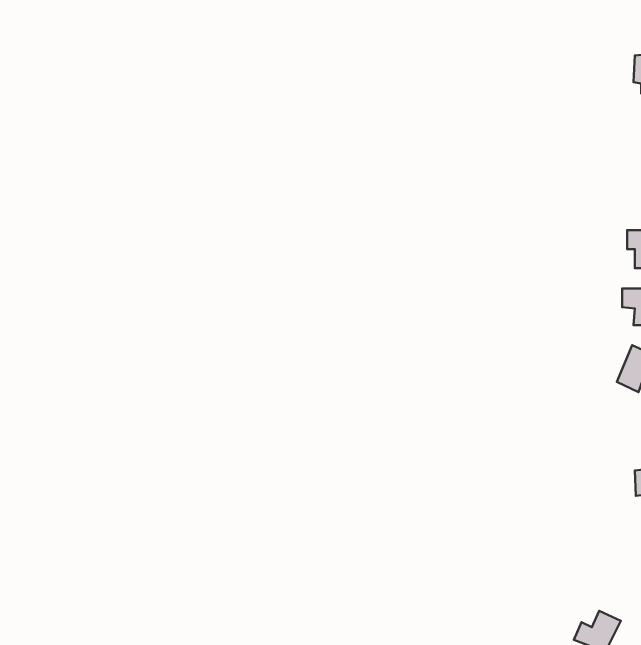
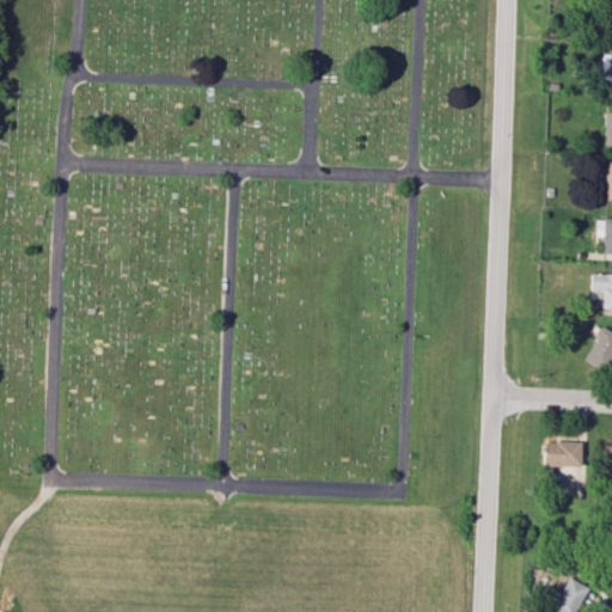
building: none -> [545,442,582,467]

